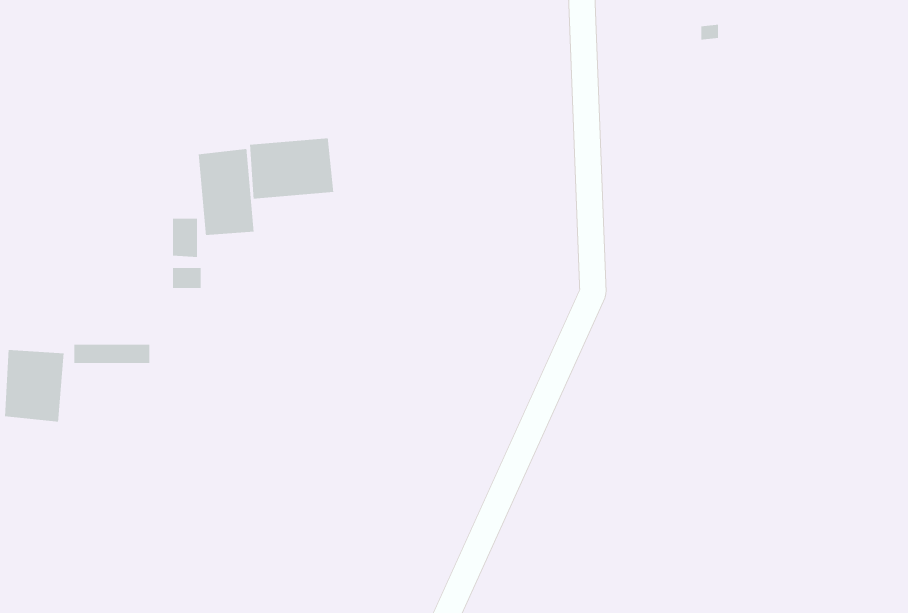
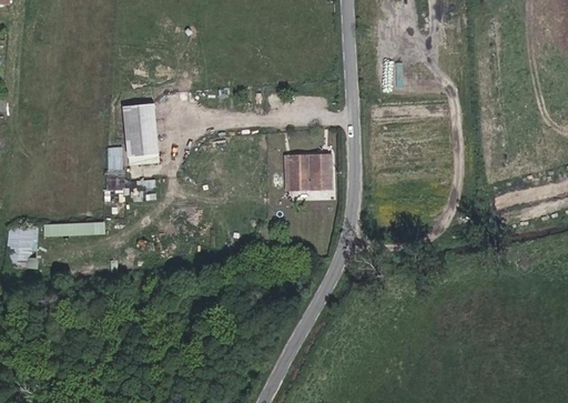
building: [249,138,334,200] -> none
building: none -> [284,155,332,190]

